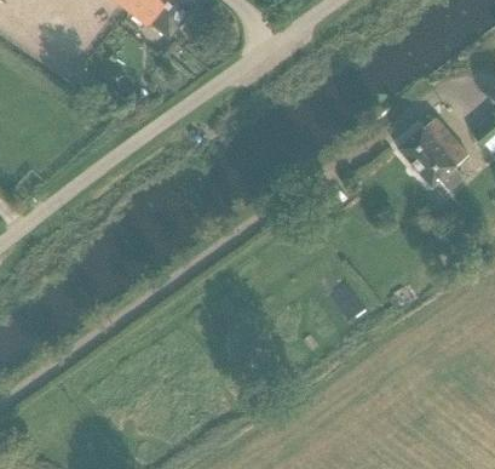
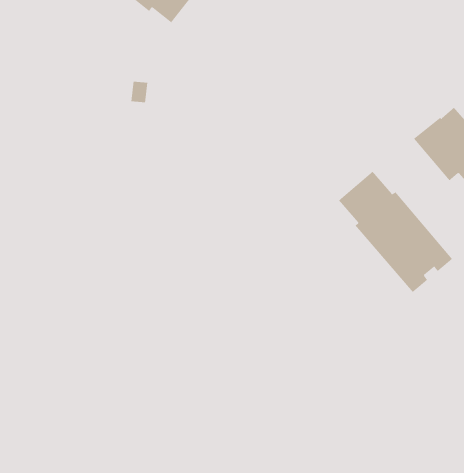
building: none -> [338,171,453,293]

